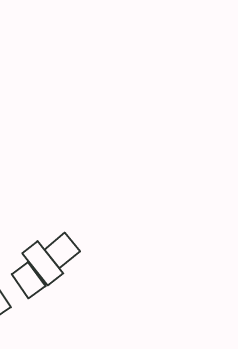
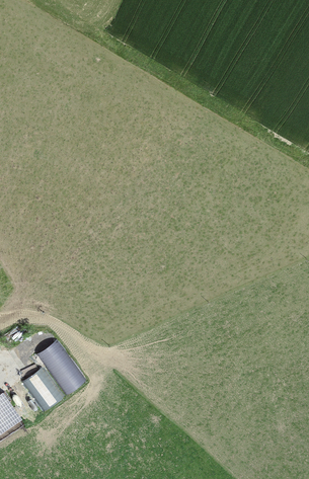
building: [45,233,80,268] -> none

